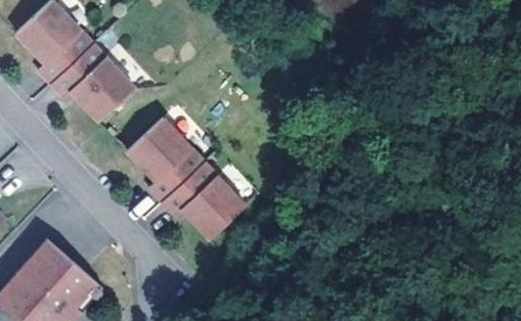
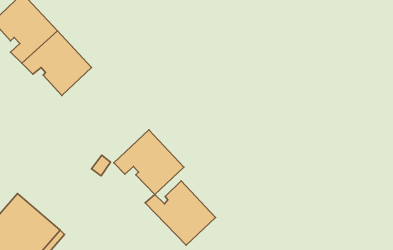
building: [126,118,203,201] -> none
building: none -> [145,181,215,245]

